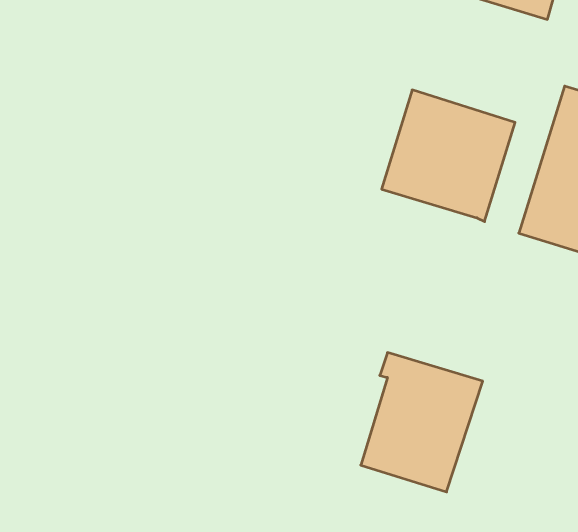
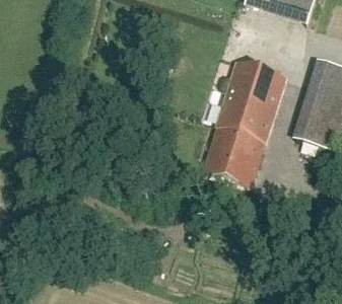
building: [361,353,483,492] -> [204,113,269,187]

